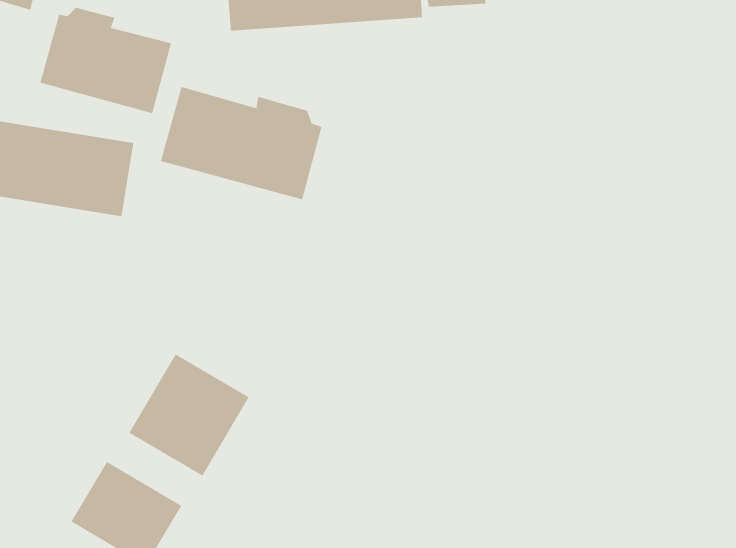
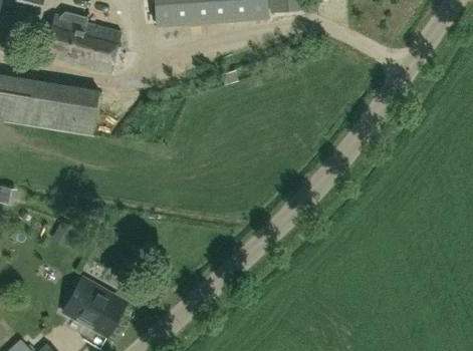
building: [160,86,322,200] -> none
building: [128,353,250,477] -> none

